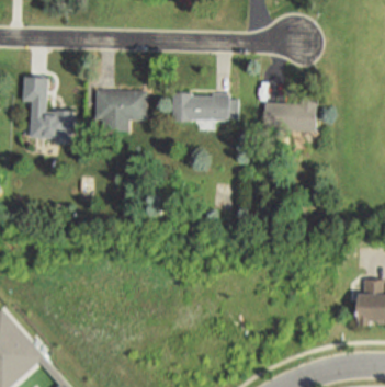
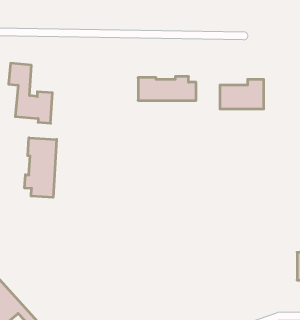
building: [95,91,146,129] -> none
building: none -> [25,138,57,197]

